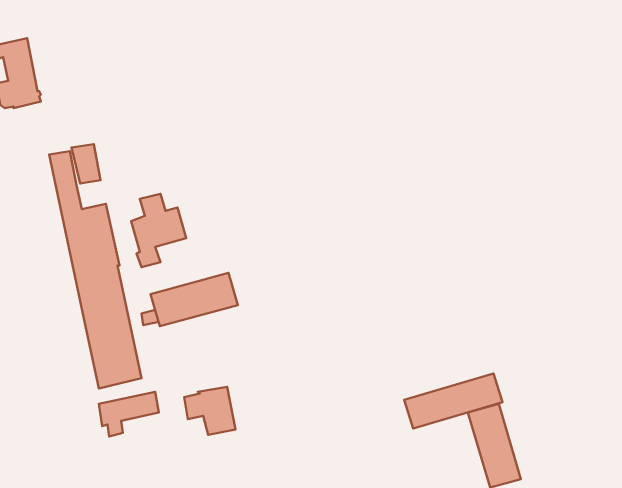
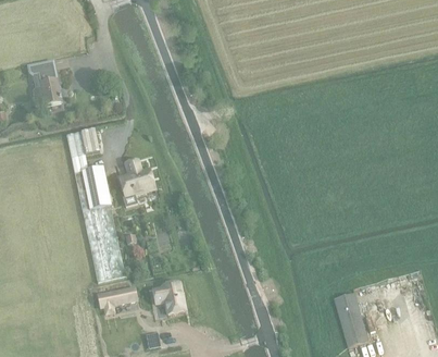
building: [151,273,238,326] -> none
building: [404,373,503,429] -> none

